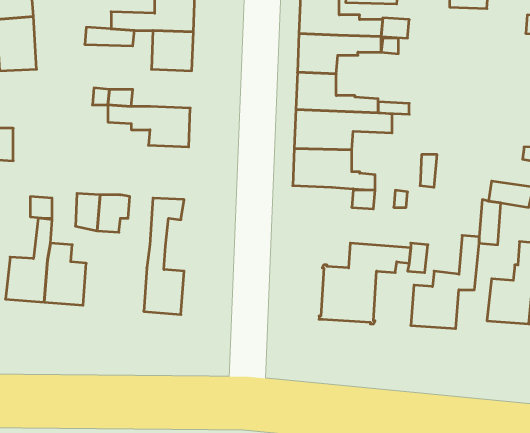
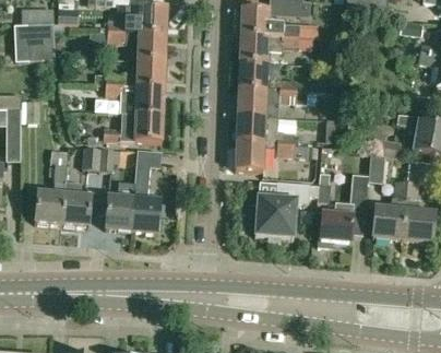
building: none -> [135,60,165,87]
building: none -> [103,114,163,142]
building: none -> [235,142,263,172]
building: none -> [105,183,135,231]

